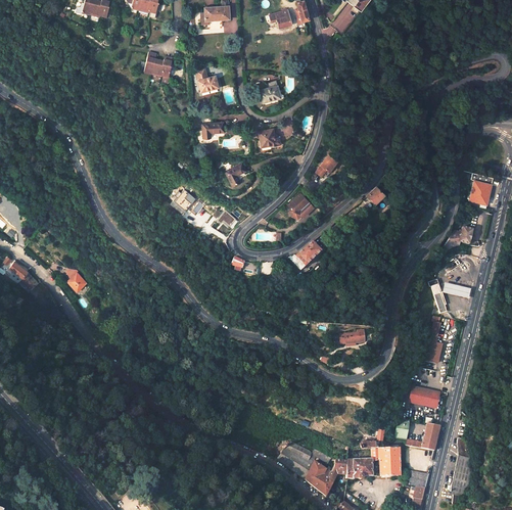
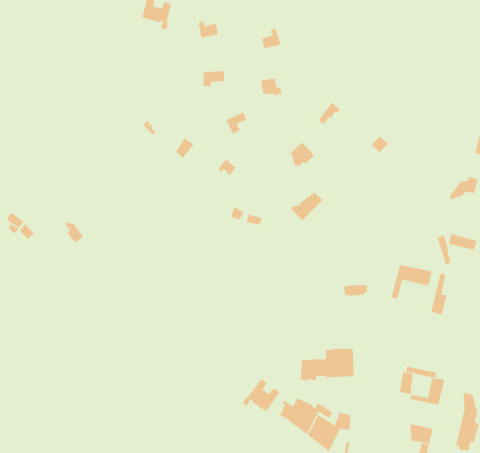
building: none -> [391,264,432,299]
building: [408,384,440,408] -> none
building: none -> [242,378,280,412]
building: [345,448,400,479] -> [299,348,354,381]

